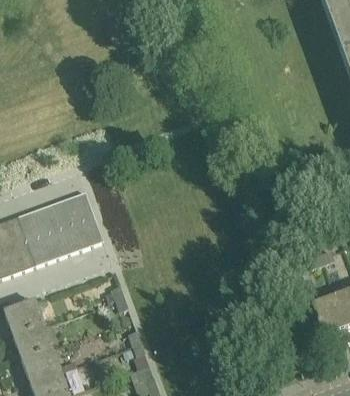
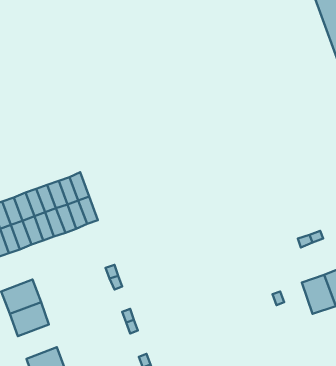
building: [22,344,62,379] -> none

